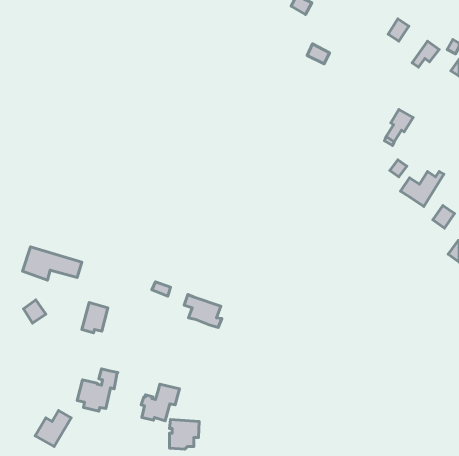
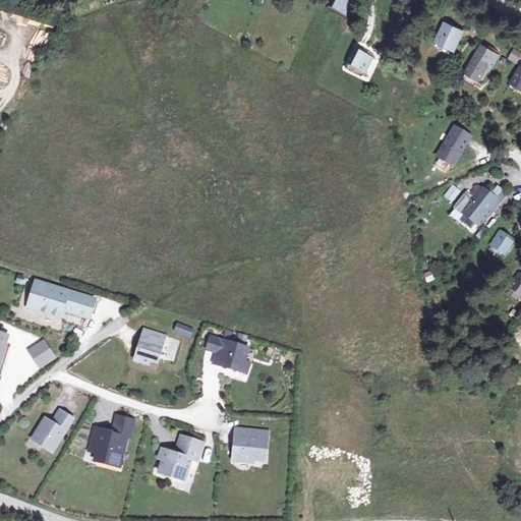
building: [82,302,108,333] -> [137,330,167,364]
building: [35,411,71,447] -> [31,405,71,446]
building: [170,420,199,449] -> [234,427,268,461]

